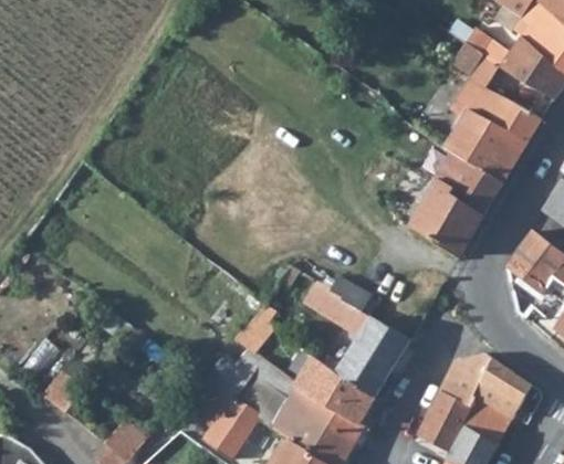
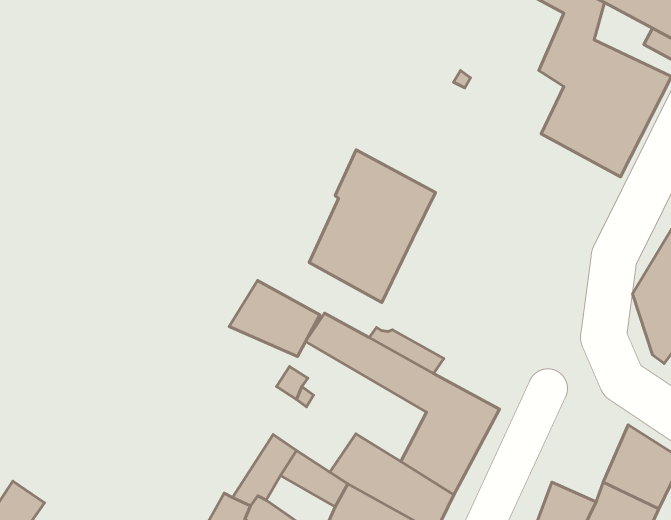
building: [411,150,502,257] -> [309,150,435,303]
building: none -> [229,281,320,356]
building: [441,347,497,408] -> none

